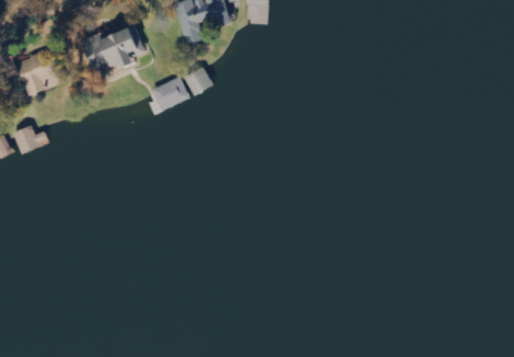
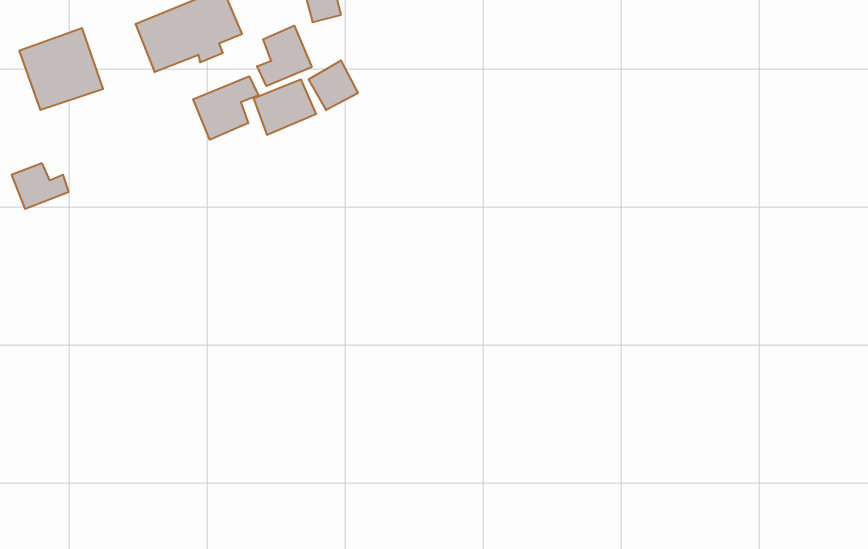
building: none -> [257,26,312,86]
building: none -> [193,76,258,140]

